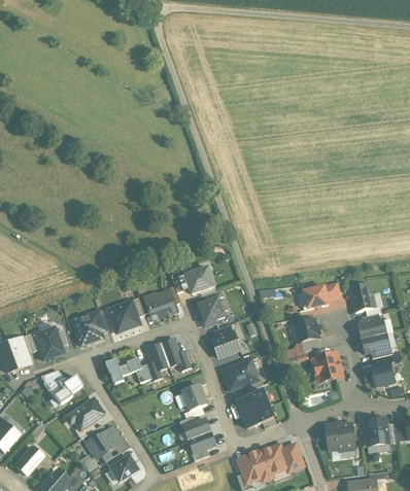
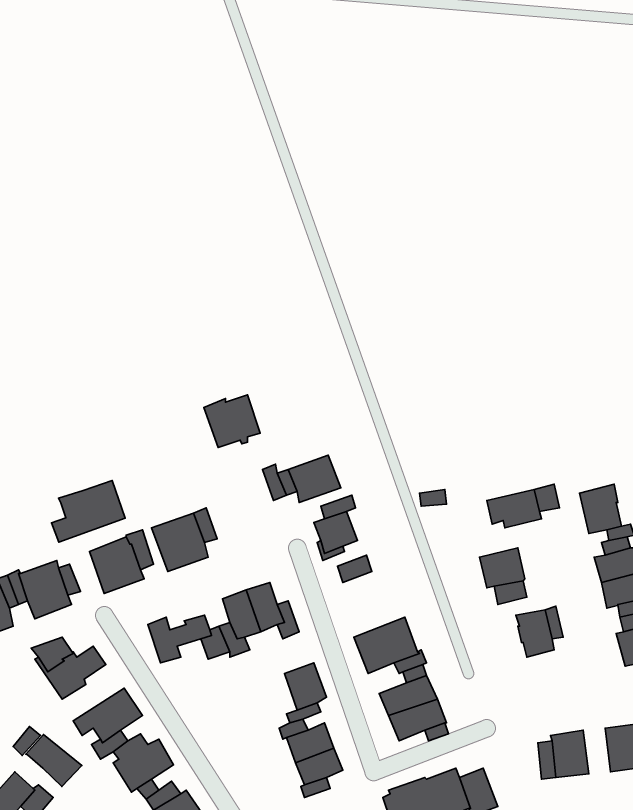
building: none -> [51,480,125,542]
building: [144,288,176,318] -> [204,395,260,448]
building: [212,331,240,357] -> none
building: none -> [26,734,82,787]

